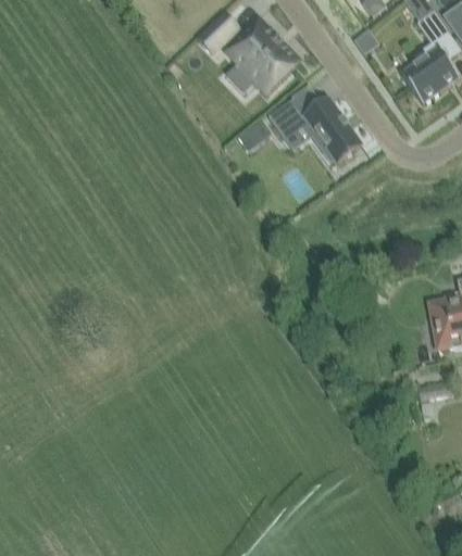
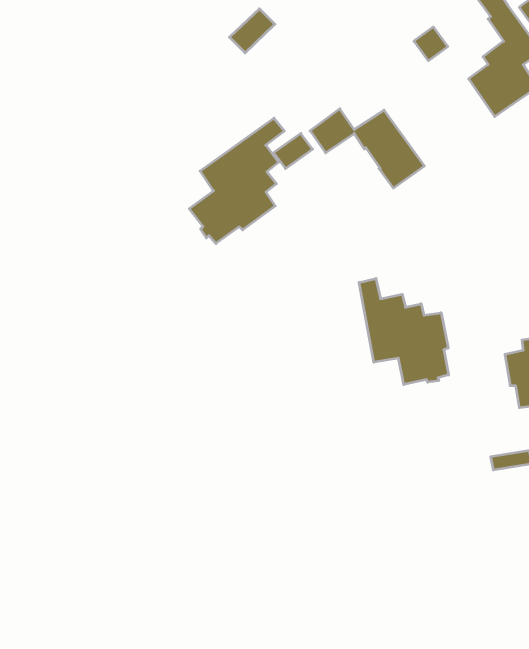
building: [226,21,299,93] -> none
building: none -> [189,118,284,244]
building: none -> [359,278,449,385]

